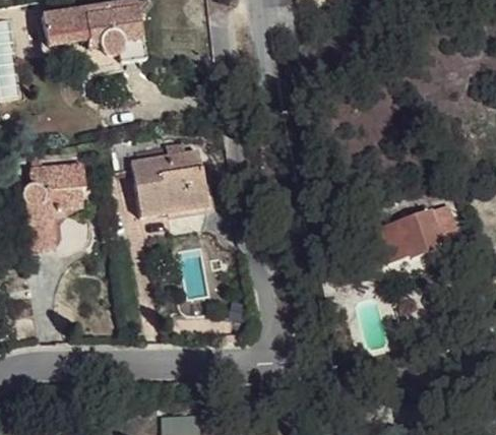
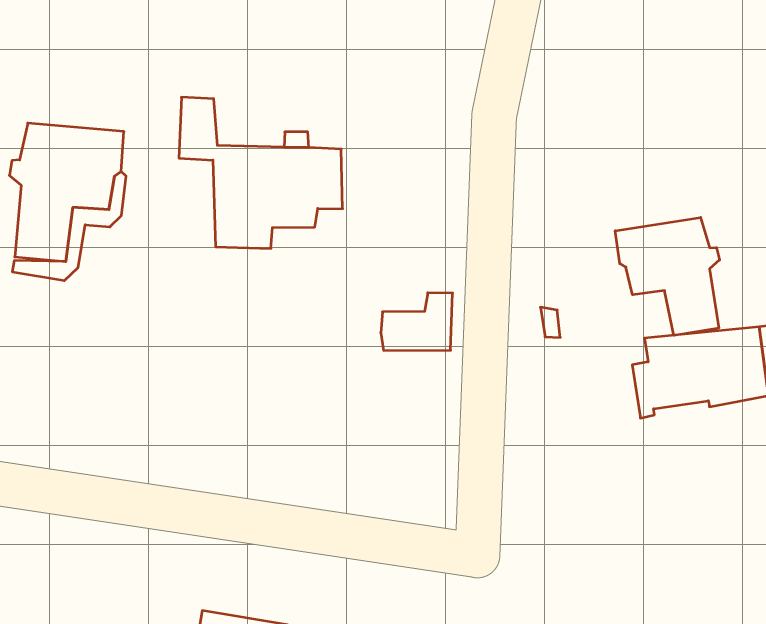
building: none -> [615,217,720,335]
building: [169,182,208,219] -> [381,293,453,350]

